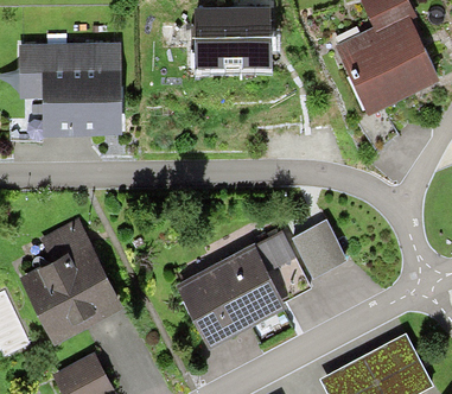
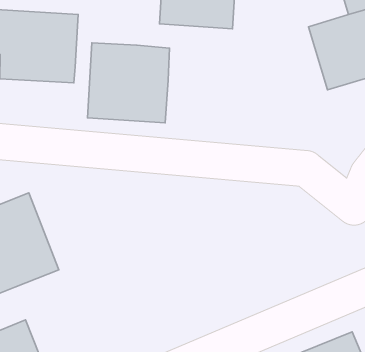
building: none -> [87,43,170,123]
building: [294,223,342,273] -> none
building: [182,240,306,336] -> none

